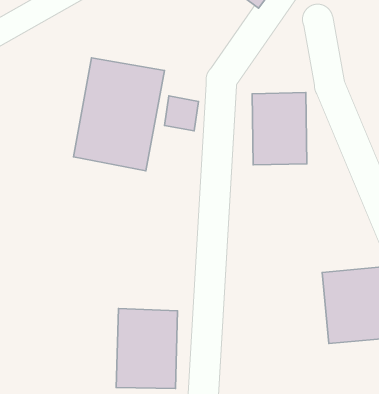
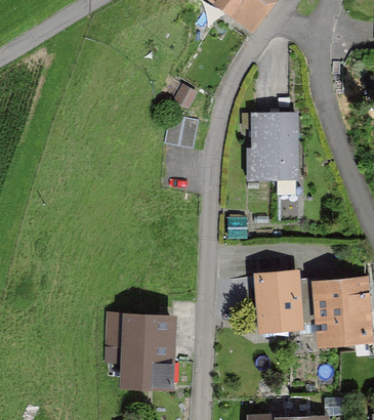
building: [73,58,164,171] -> none
building: none -> [253,269,303,331]

